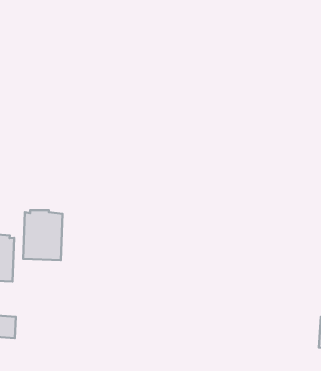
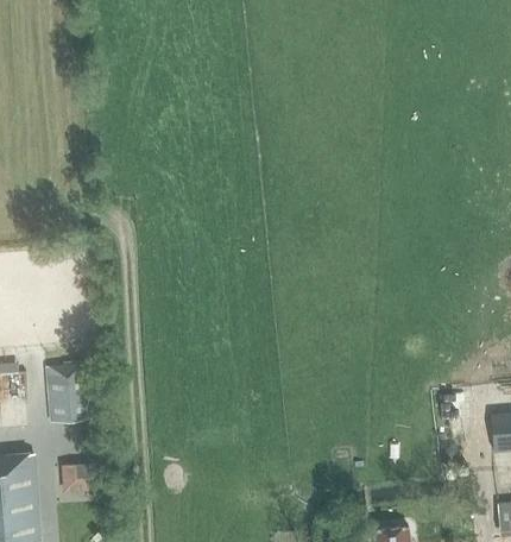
building: [23,210,62,260] -> none

